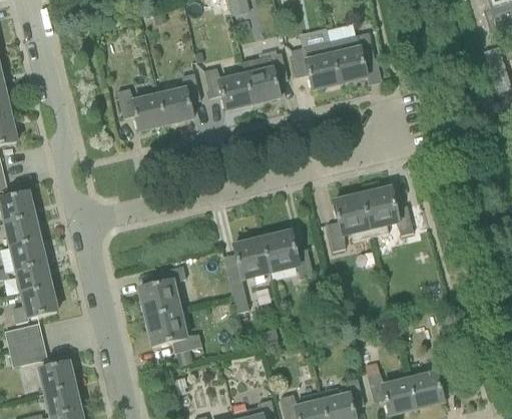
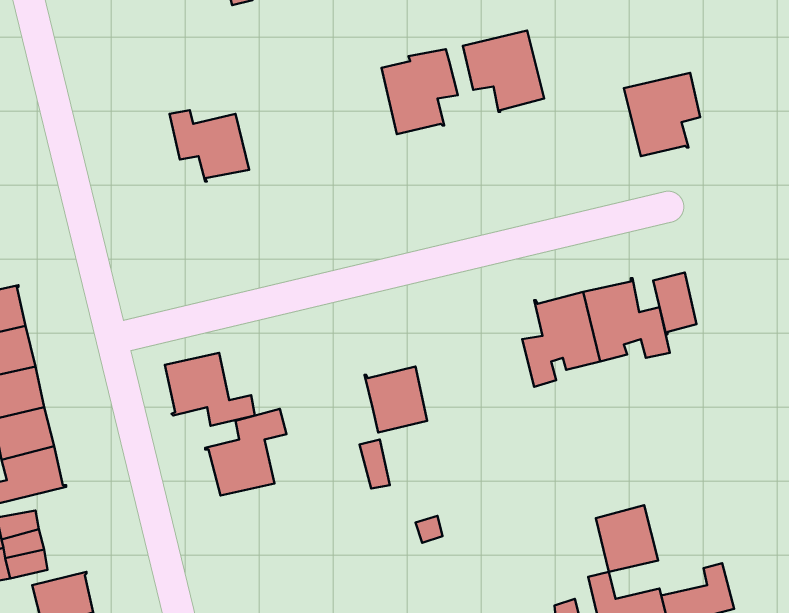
building: [330,32,375,81] -> [624,73,700,156]
building: [205,63,252,109] -> none
building: [157,73,201,123] -> none
building: none -> [653,273,697,335]
building: [264,232,314,278] -> none
building: [148,309,201,352] -> [165,353,255,426]
building: none -> [596,505,658,572]

